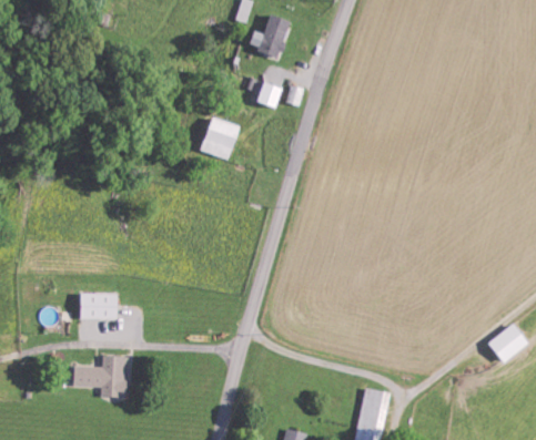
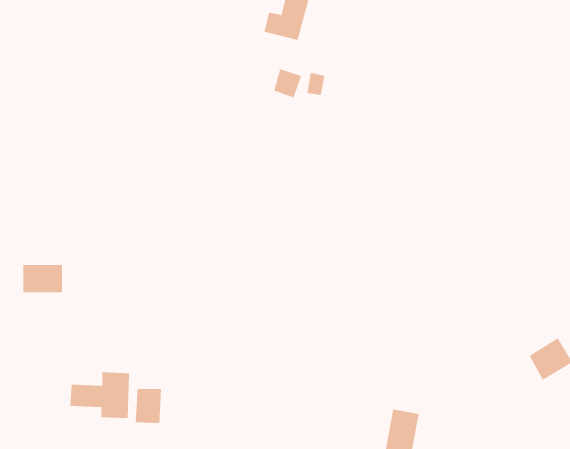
building: [200,116,239,160] -> none
building: [80,293,117,318] -> [22,265,63,293]
building: none -> [135,388,162,424]

